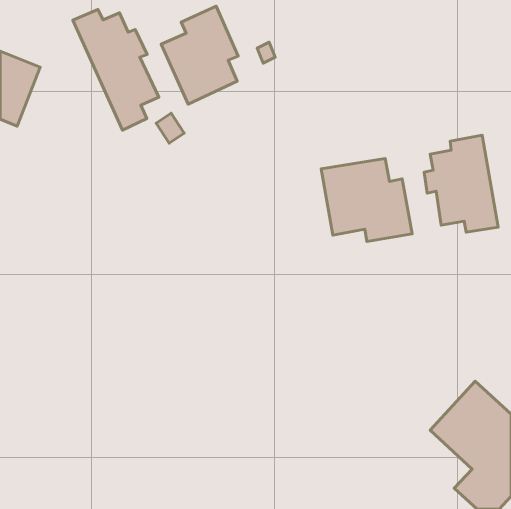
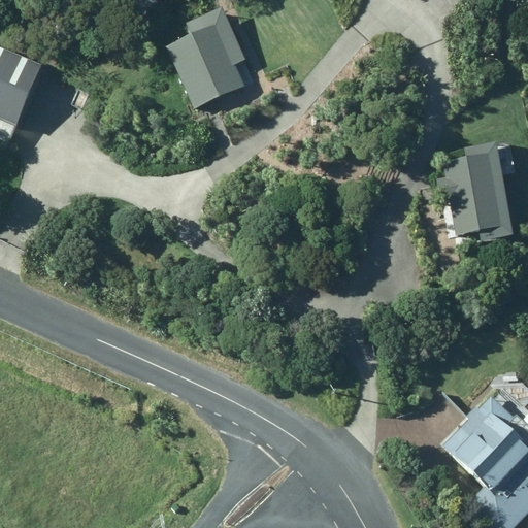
building: [73,9,159,130] -> none
building: [321,159,412,241] -> none

